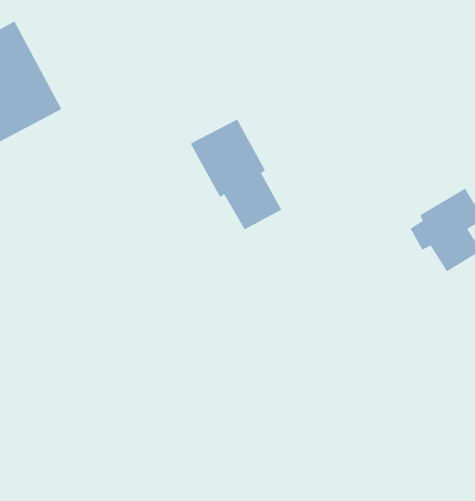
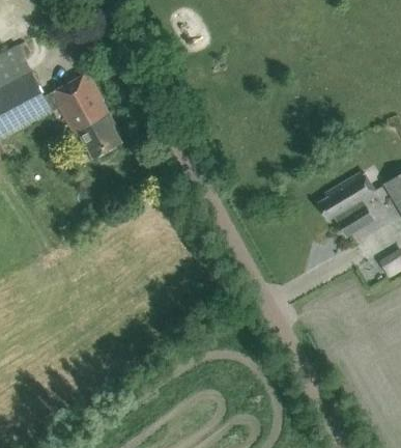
building: [190,119,282,230] -> [52,74,122,159]

